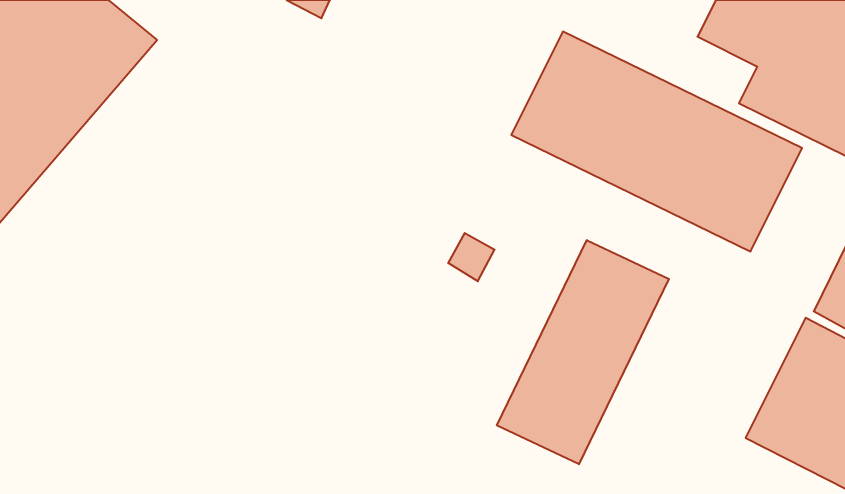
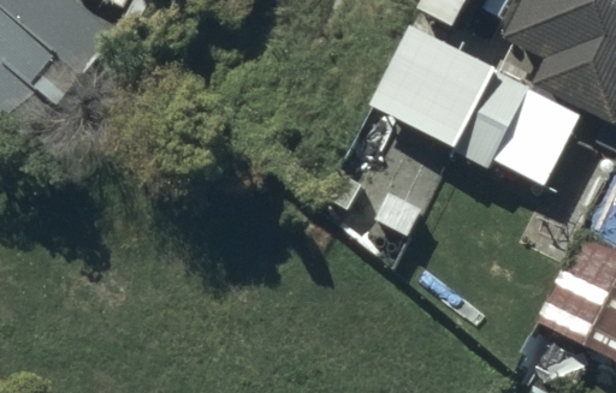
building: [497,240,669,464] -> none

